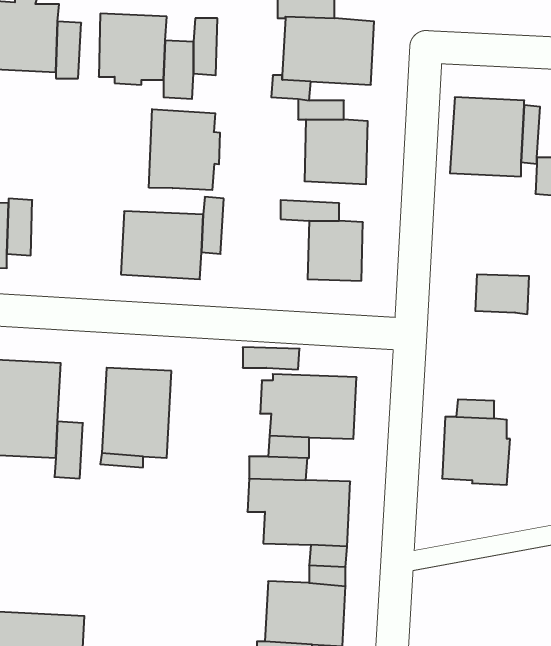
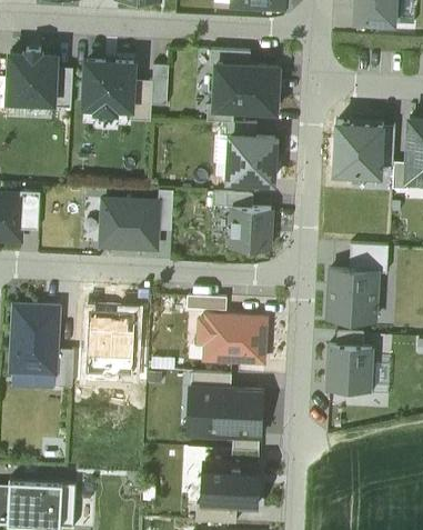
building: [149,109,220,190] -> none
building: none -> [328,271,376,321]

